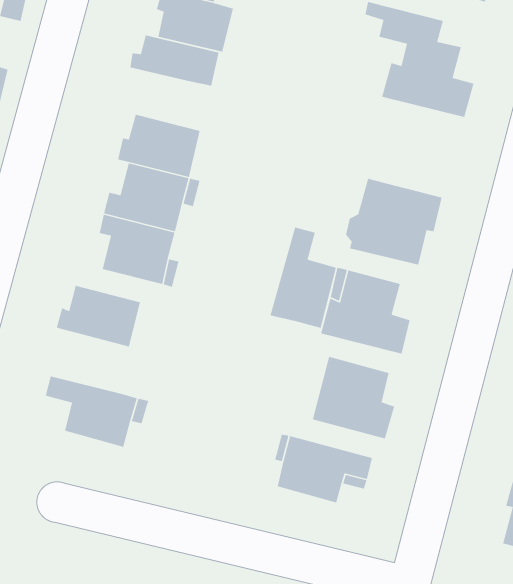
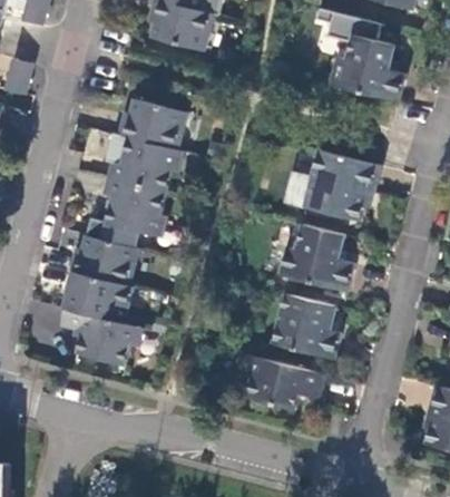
building: [129,34,219,87] -> none
building: [270,226,337,329] -> none
building: none -> [65,270,133,322]

